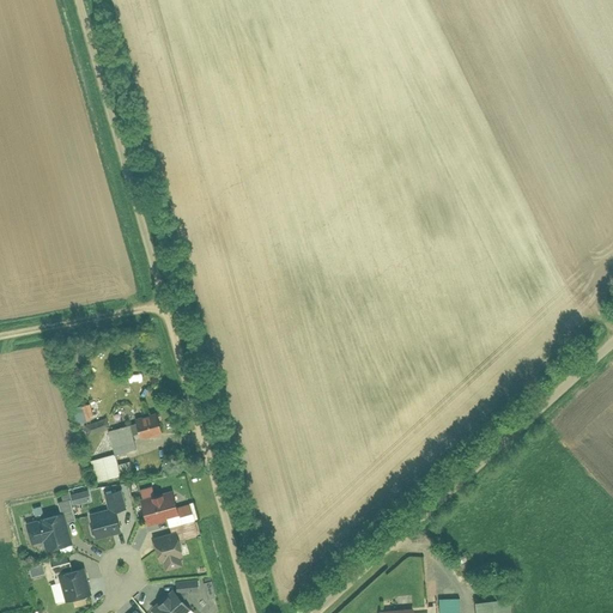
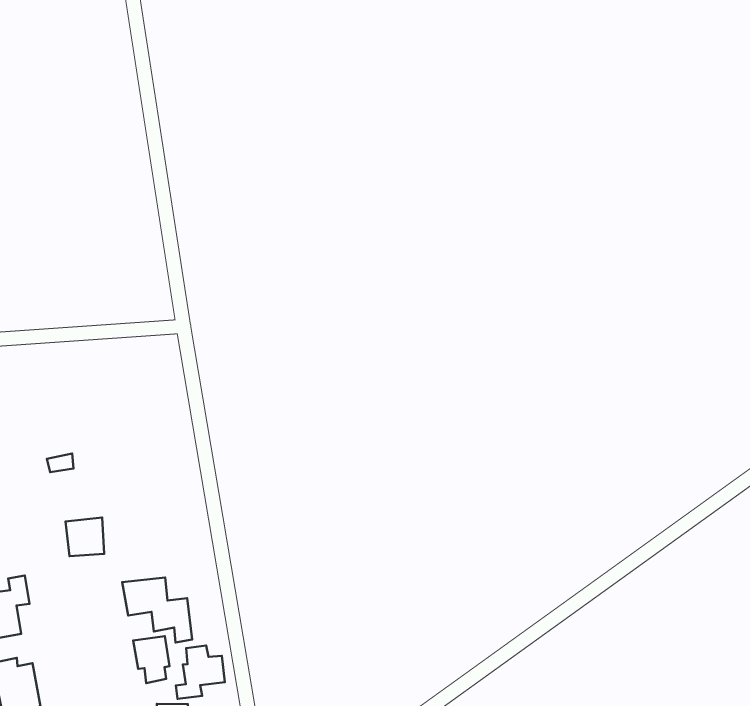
building: [105,415,158,454] -> none
building: [90,506,126,542] -> none
building: none -> [176,645,225,699]

